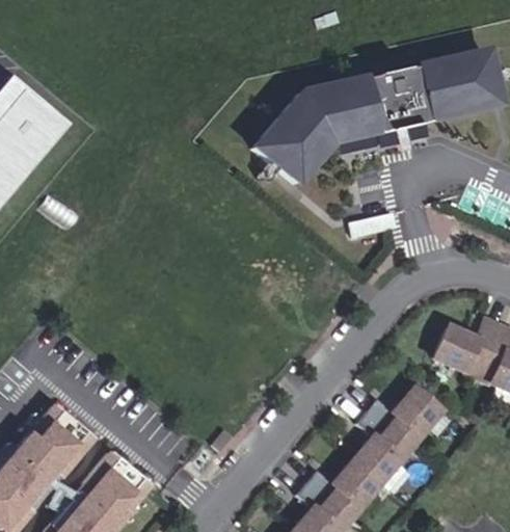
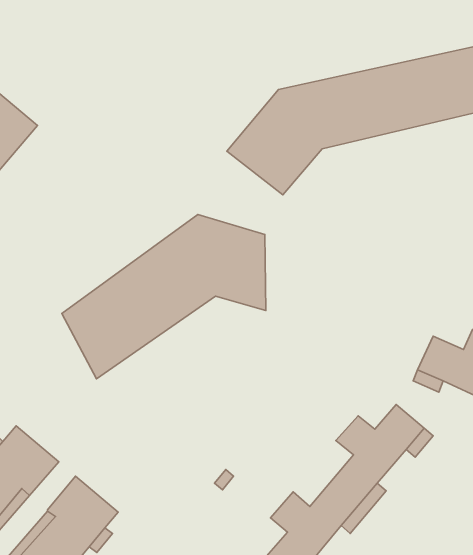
building: none -> [62,214,266,379]

